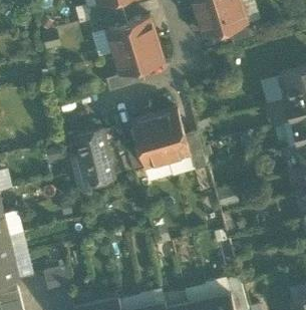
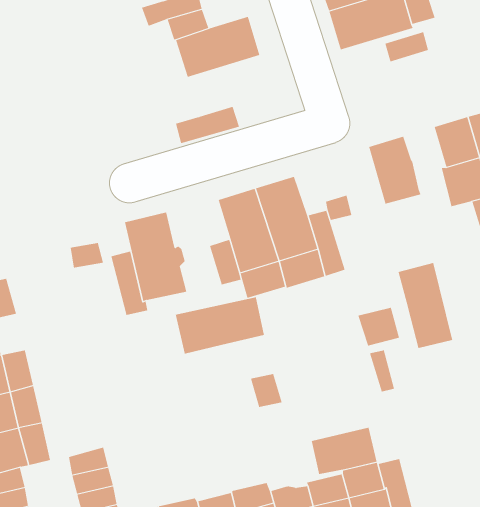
building: [113,37,164,73] -> none
building: none -> [368,136,421,204]
building: none -> [398,262,453,349]
building: none -> [175,297,265,354]
building: none -> [311,427,377,475]

